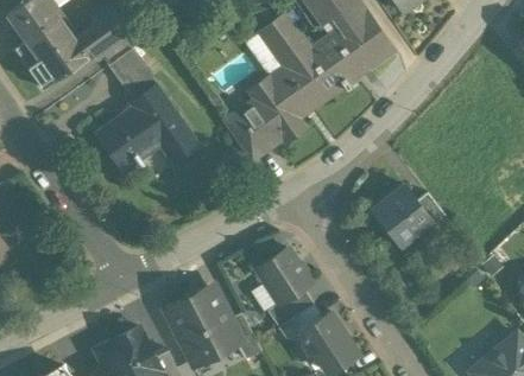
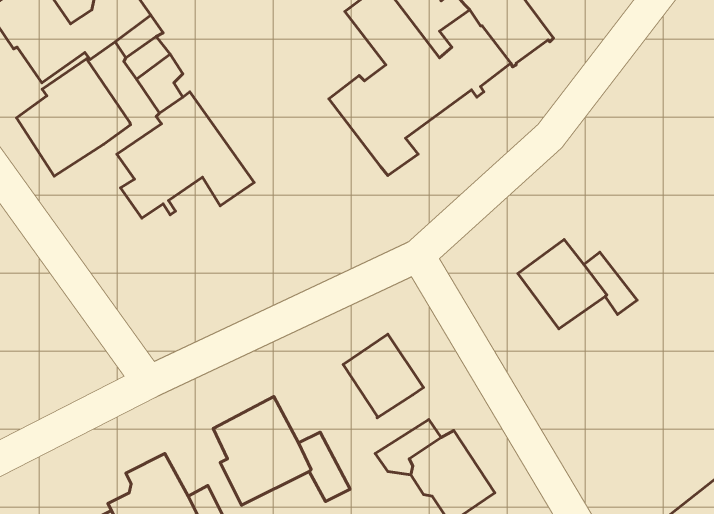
building: none -> [16,59,131,176]
building: [225,100,282,159] -> none
building: [267,288,314,327] -> none

